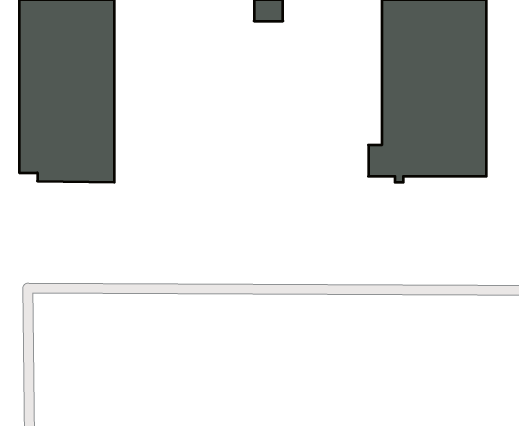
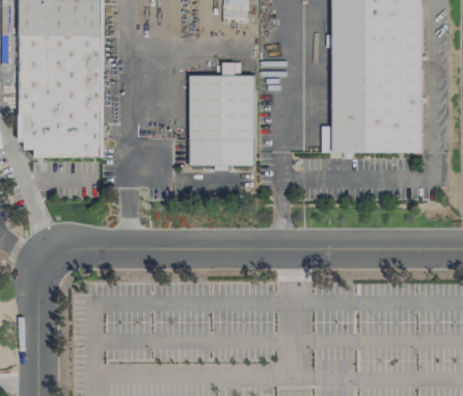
building: none -> [189,62,253,171]

